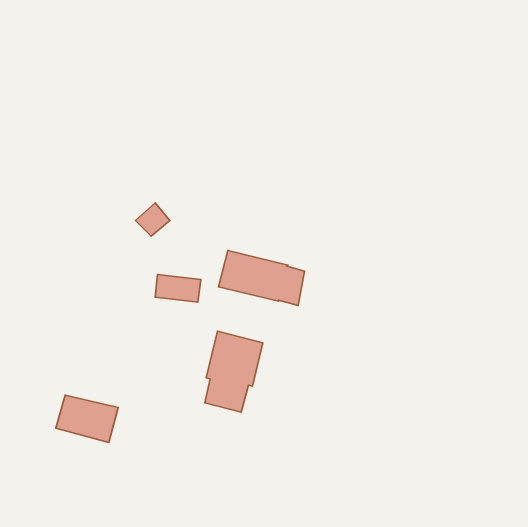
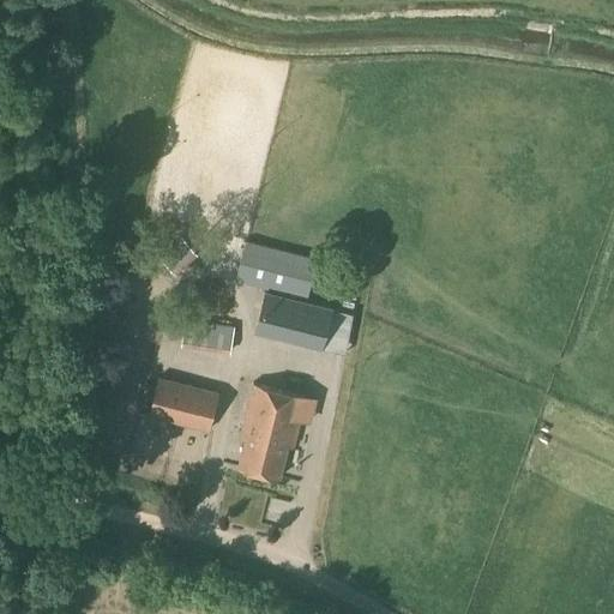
building: none -> [236,243,318,301]
building: [56,395,118,443] -> [149,379,221,434]

